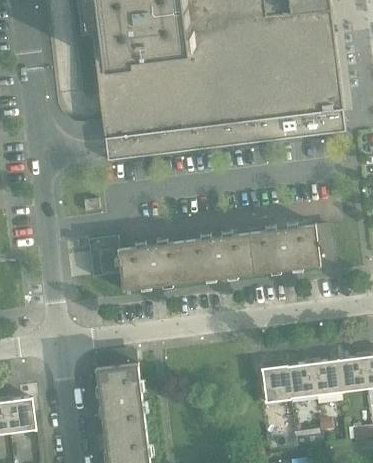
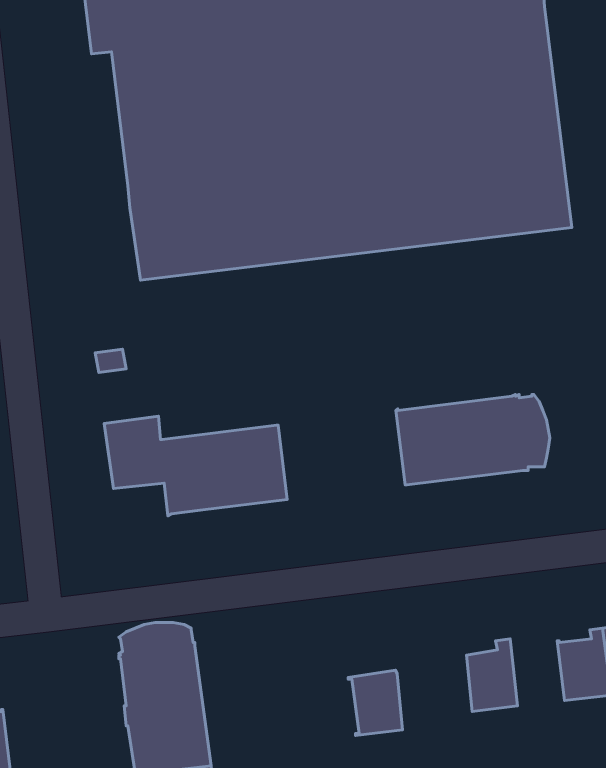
building: [183,233,253,282] -> none
building: [311,358,341,396] -> none
building: [260,366,290,402] -> [348,670,403,735]

